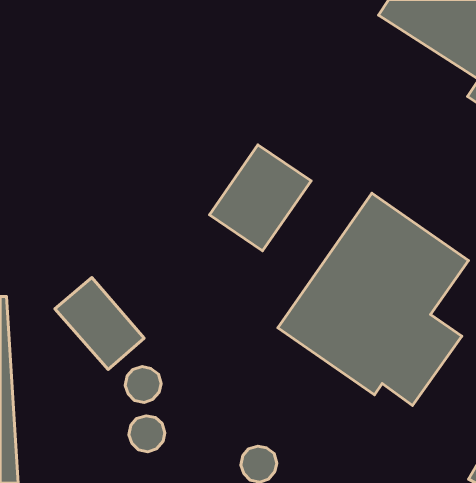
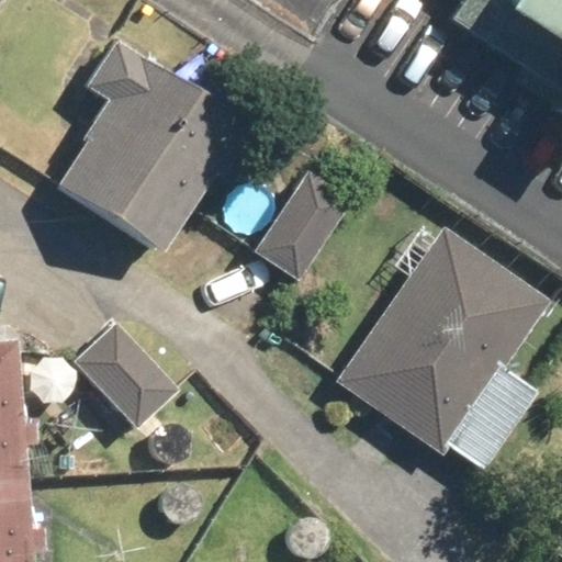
building: none -> [52,37,248,257]

